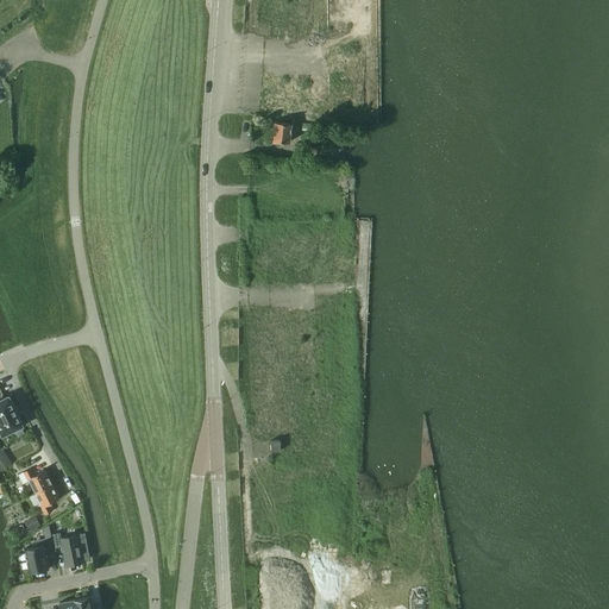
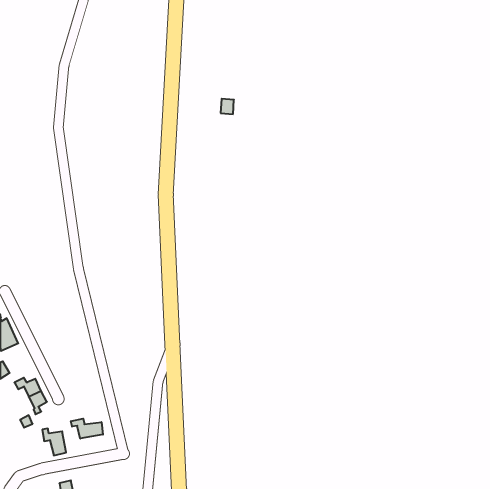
building: none -> [71,419,103,439]
building: [24,540,54,573] -> none

